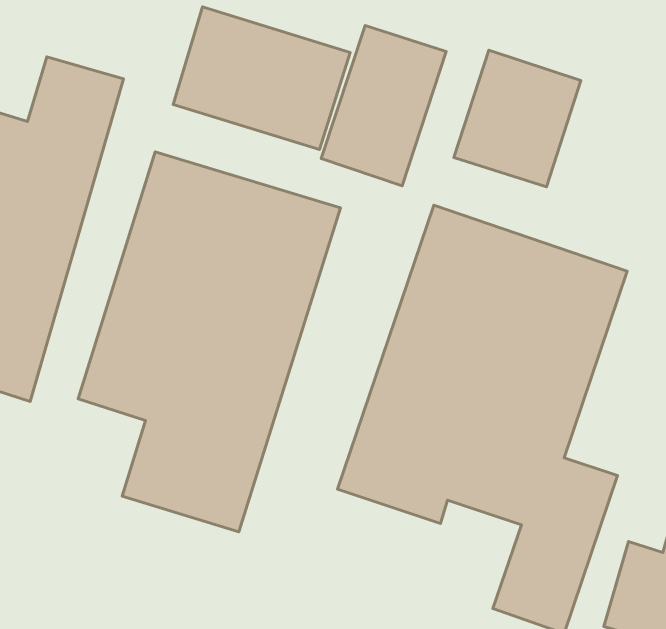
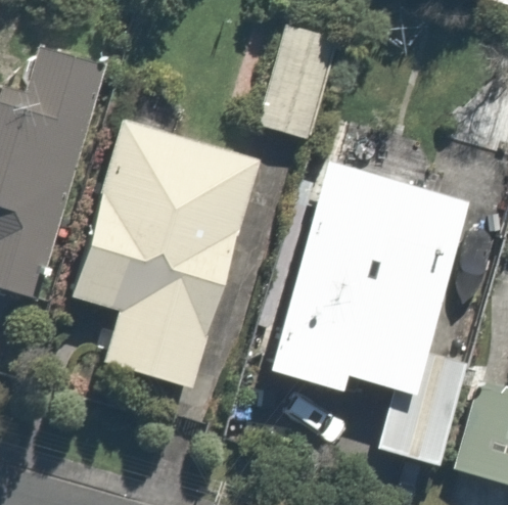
building: [173,7,350,150] -> none
building: [454,50,581,187] -> none

